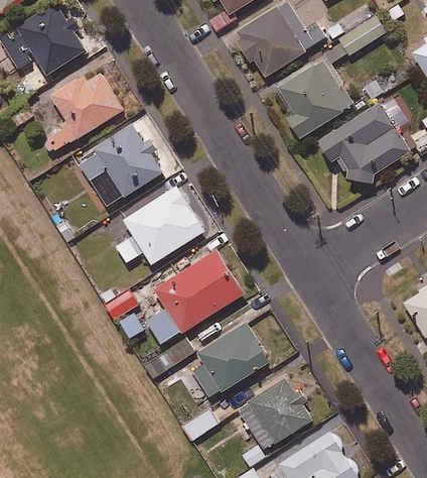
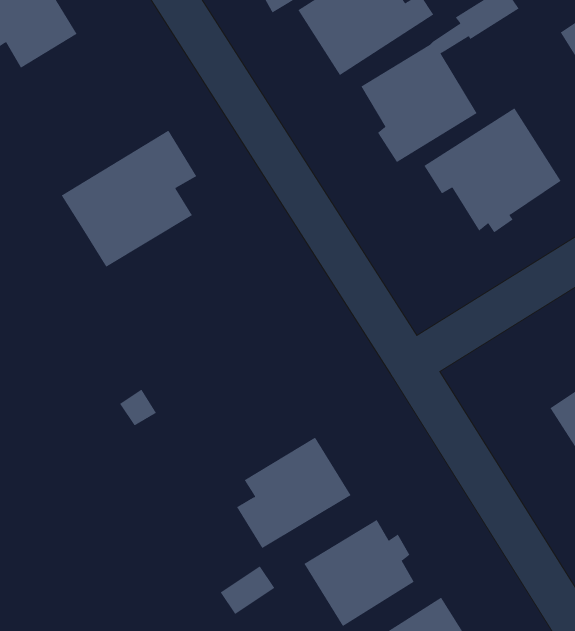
building: [48,66,124,149] -> none
building: [115,184,205,263] -> none
building: [145,241,245,367] -> none

